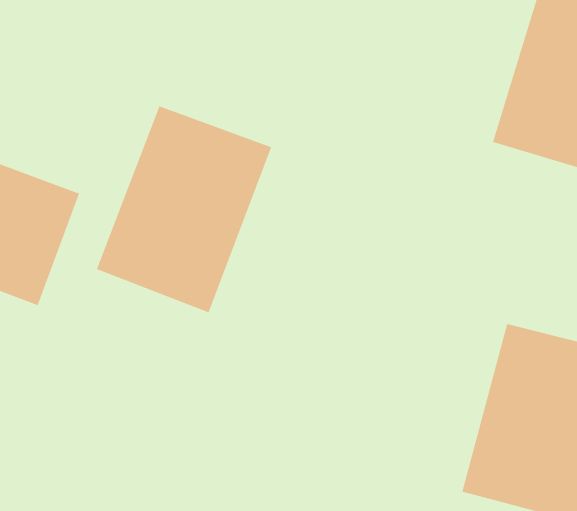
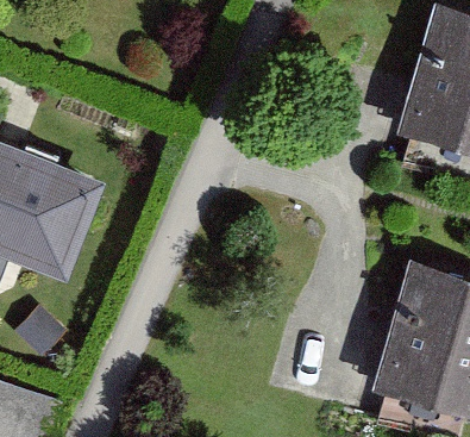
building: [96,105,272,313] -> none

